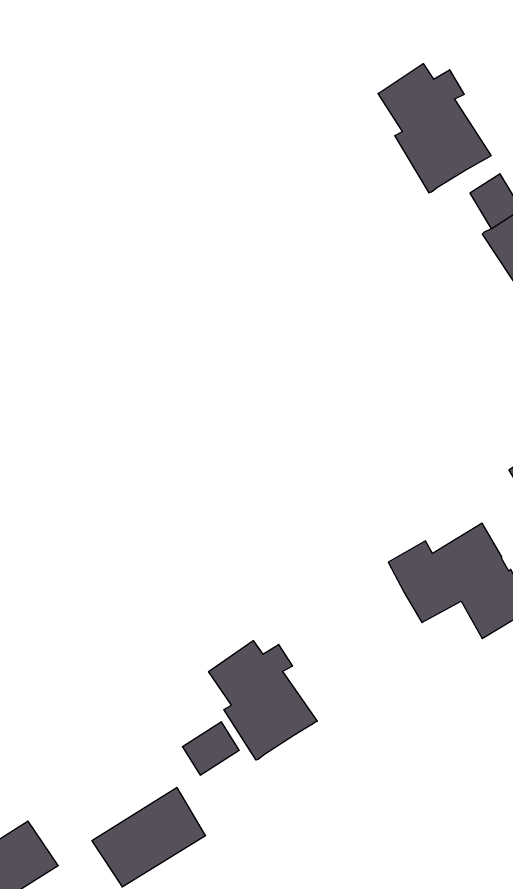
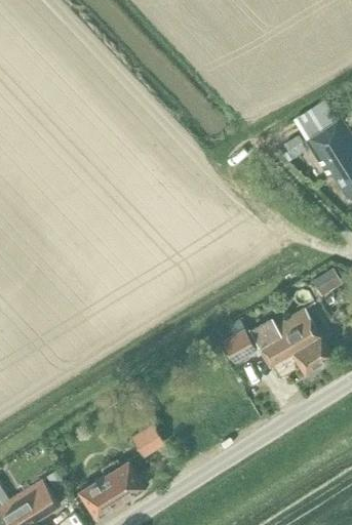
building: [378,64,491,193] -> none
building: none -> [222,327,257,363]
building: [209,641,317,760] -> none

